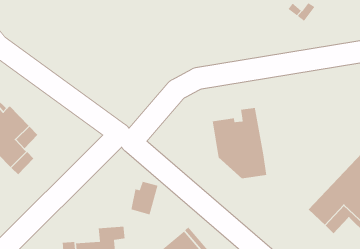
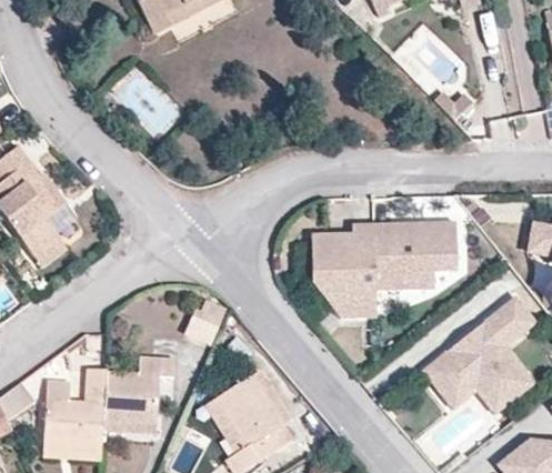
building: none -> [372,222,454,289]

